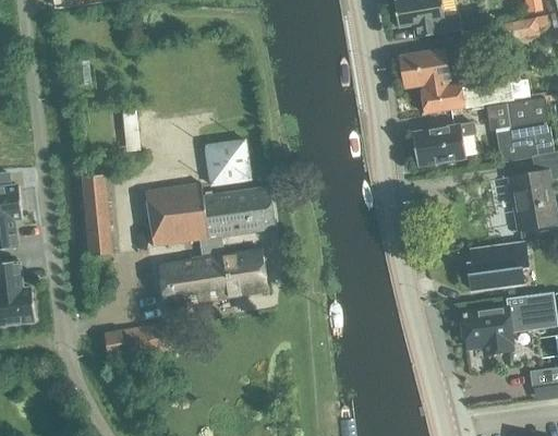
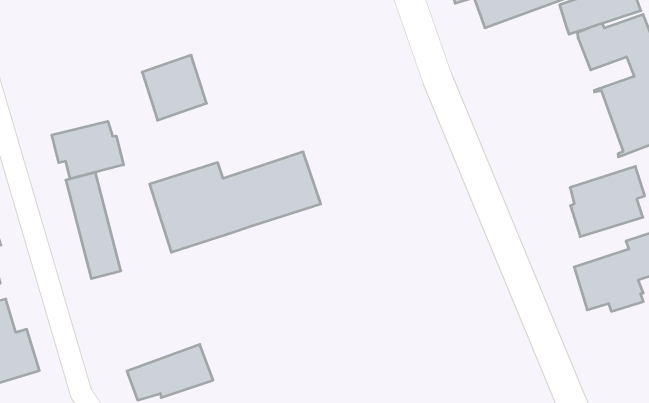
building: [411,122,474,166] -> none
building: none -> [52,121,124,179]
building: [204,140,250,185] -> [142,55,207,120]
building: [158,237,267,306] -> none

